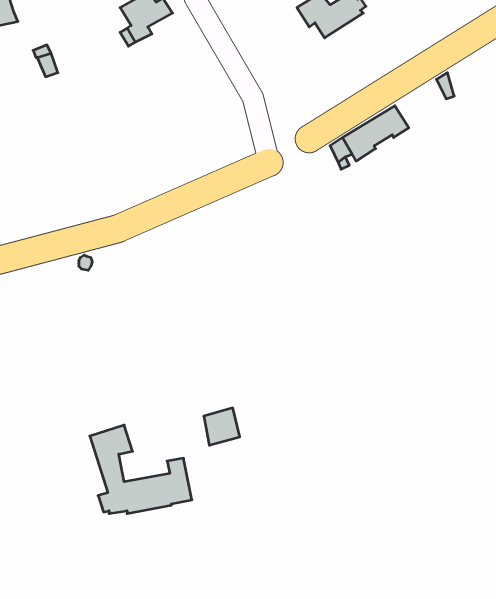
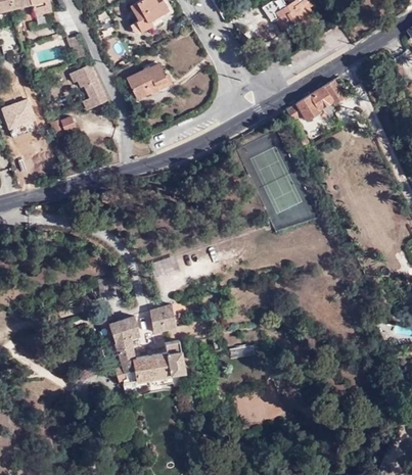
building: none -> [127,62,168,98]
building: none -> [71,63,107,109]
building: [204,408,240,445] -> [149,304,176,332]

